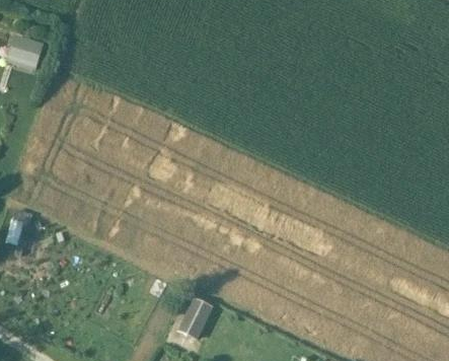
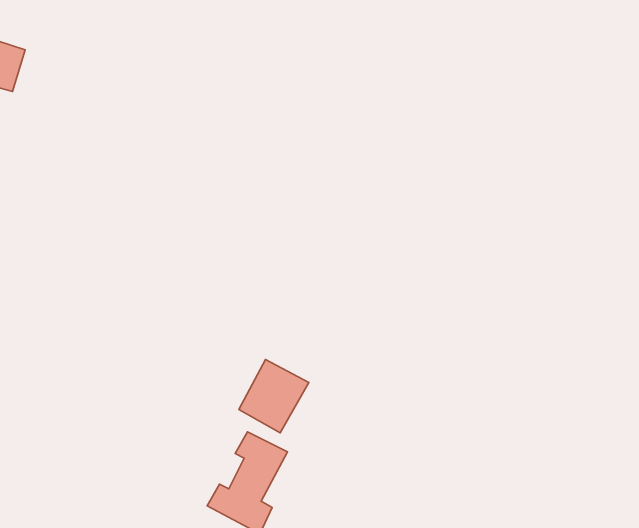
building: none -> [239,360,309,433]

